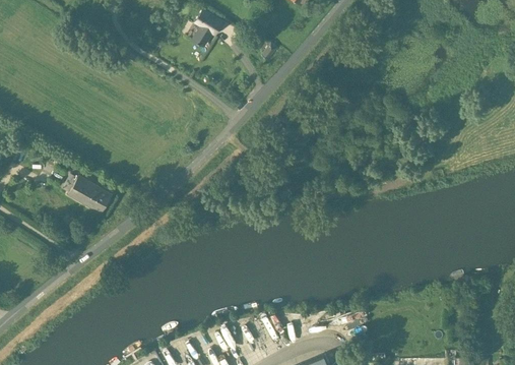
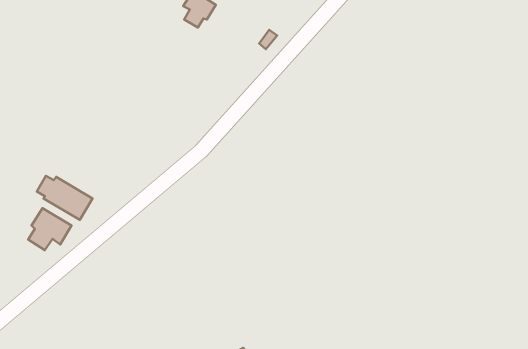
building: none -> [28,208,72,250]

